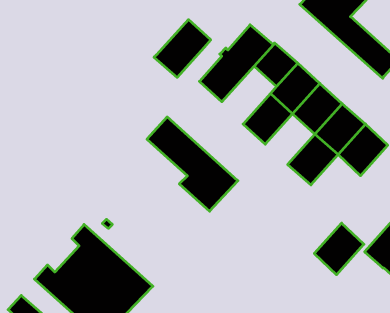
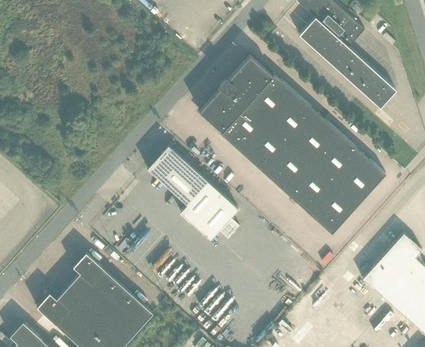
building: [154,20,211,77] -> [219,96,275,153]
building: none -> [264,143,313,193]
building: [314,223,364,275] -> [309,183,358,234]

